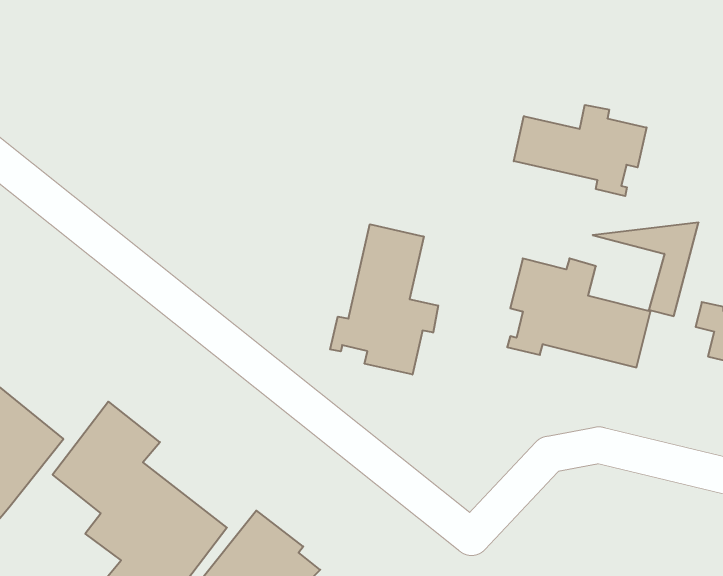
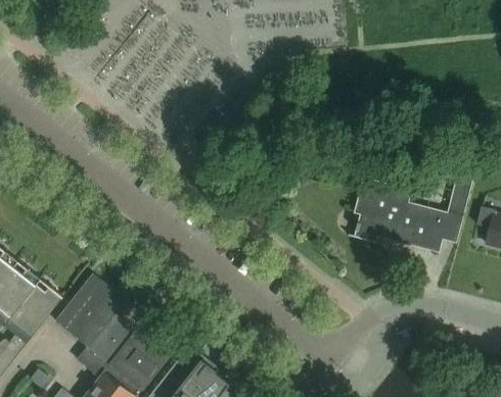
building: [514,105,647,196] -> none
building: [330,224,438,375] -> none

